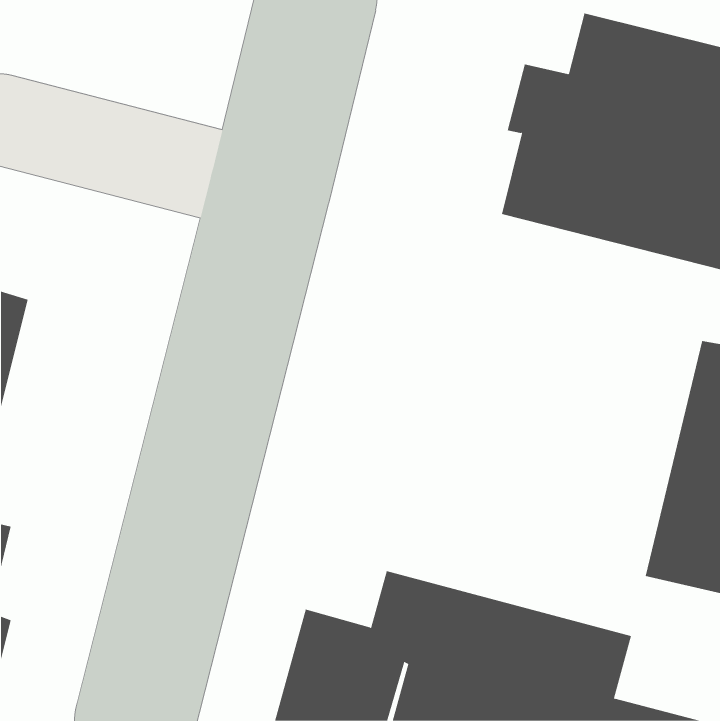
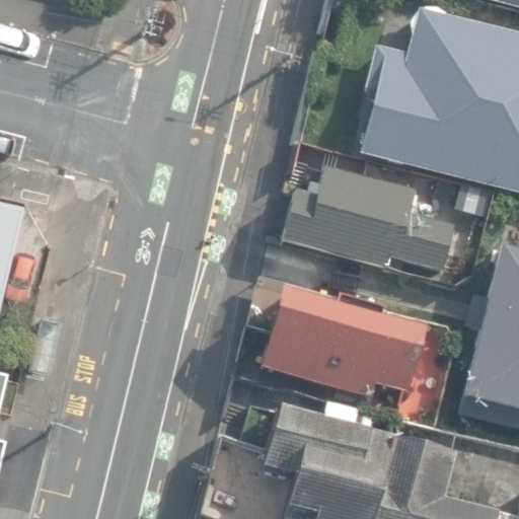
building: none -> [280,166,451,271]
building: none -> [252,280,422,397]

